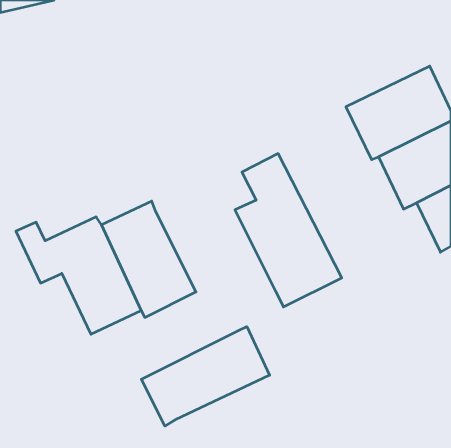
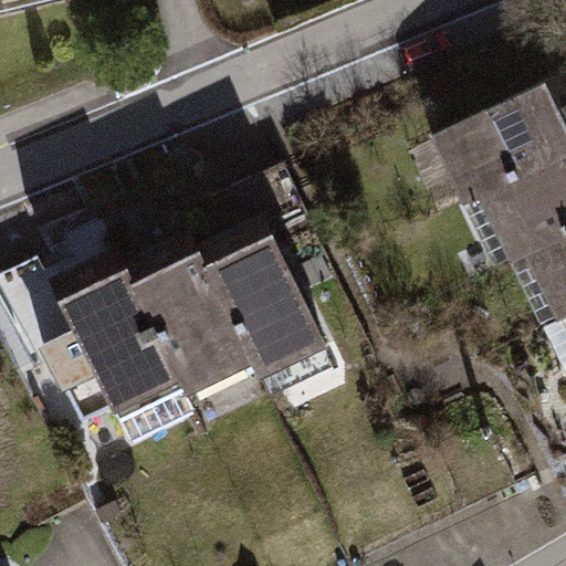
building: [235,154,342,307] -> [195,197,328,389]
building: [141,327,270,426] -> none

